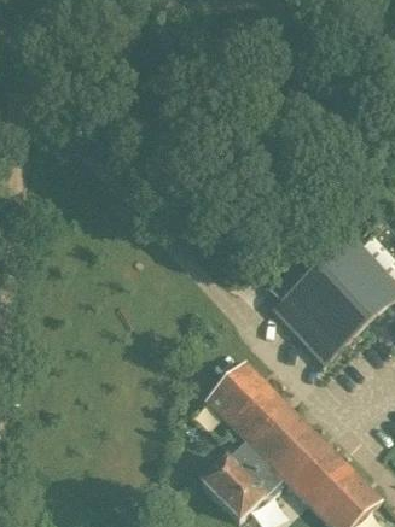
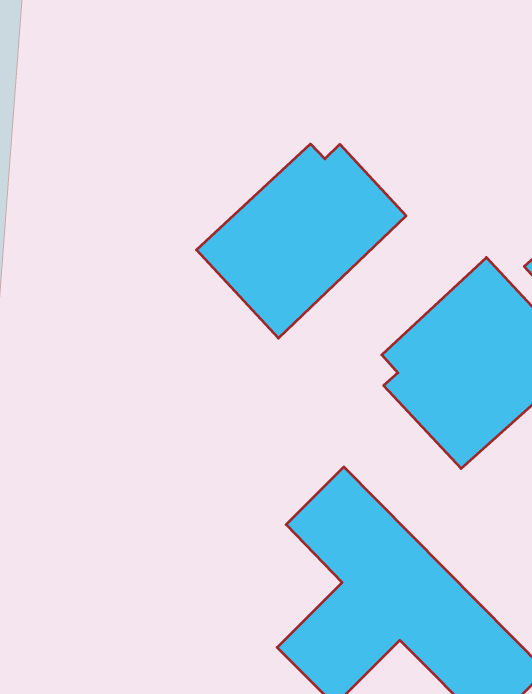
building: none -> [196,144,406,338]

